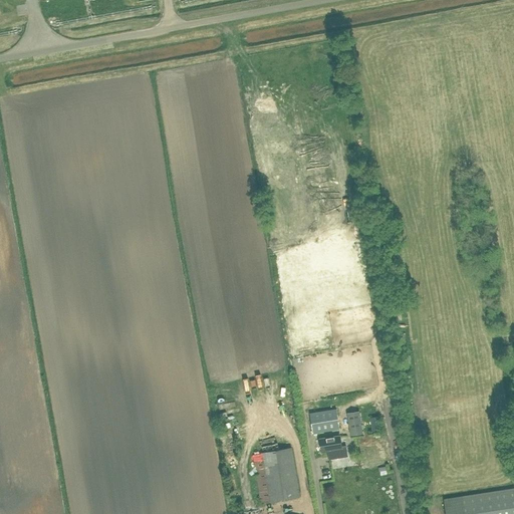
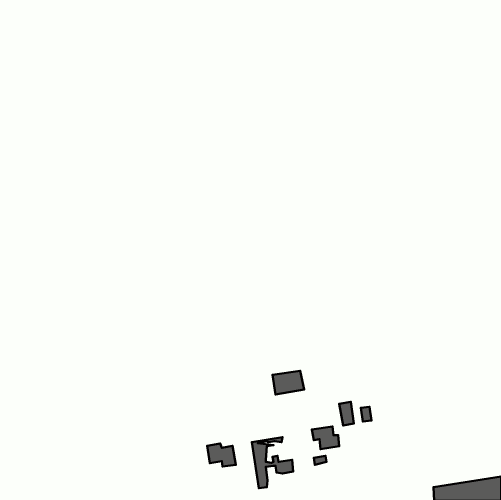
building: [309,411,341,435] -> [273,371,304,394]
building: none -> [207,443,236,467]

